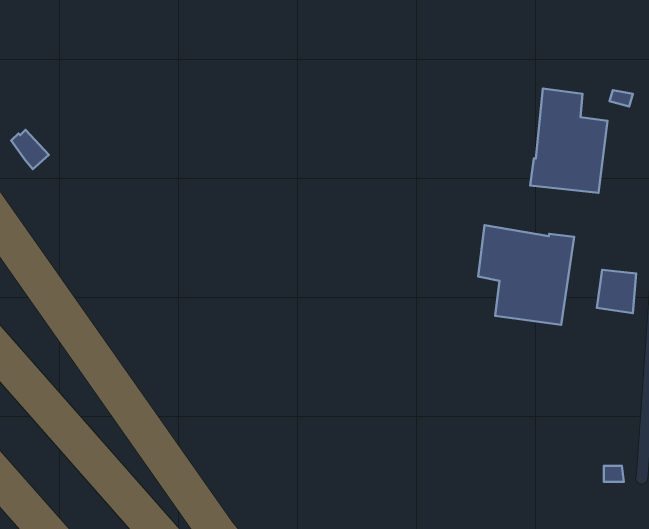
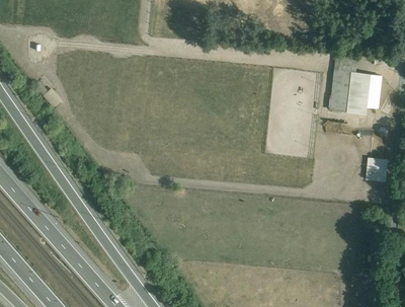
building: [478,225,574,325] -> none

